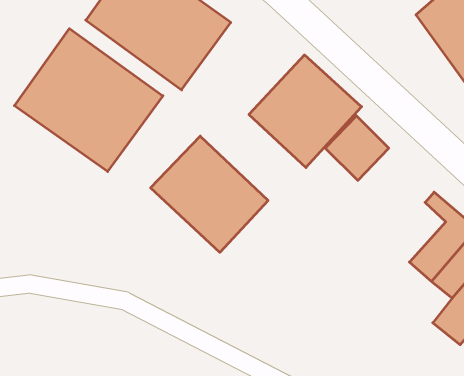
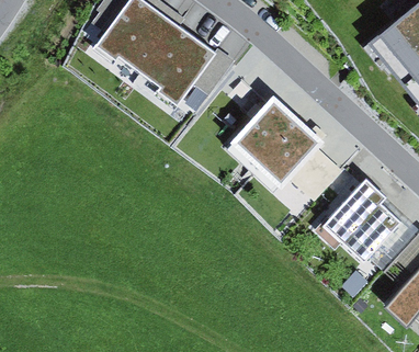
building: [14,29,163,172] -> none
building: [151,136,268,252] -> none
building: none -> [326,177,397,258]

